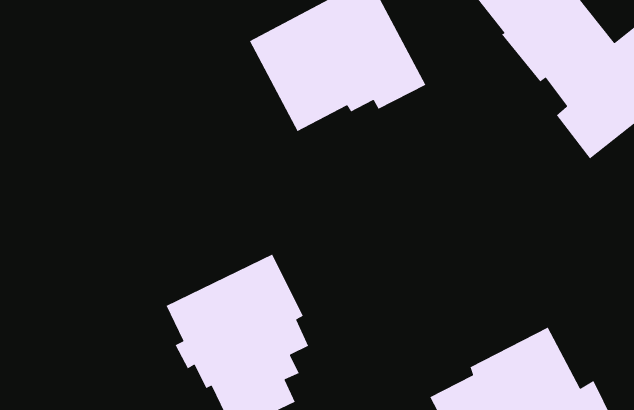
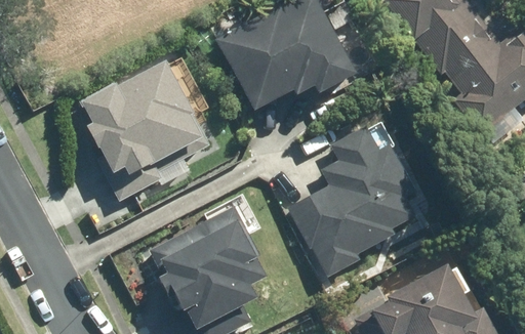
building: none -> [79,62,207,193]
building: none -> [287,126,413,278]

